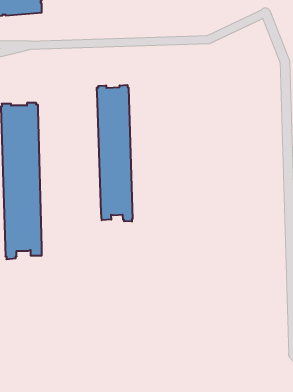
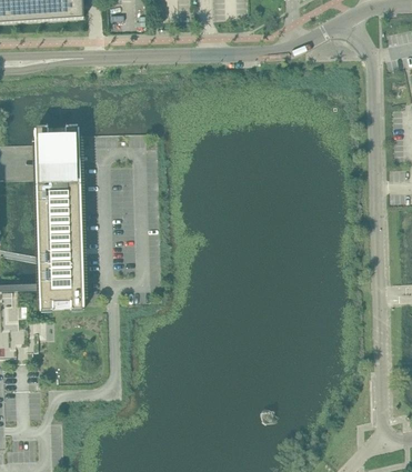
building: [97,85,133,222] -> none

